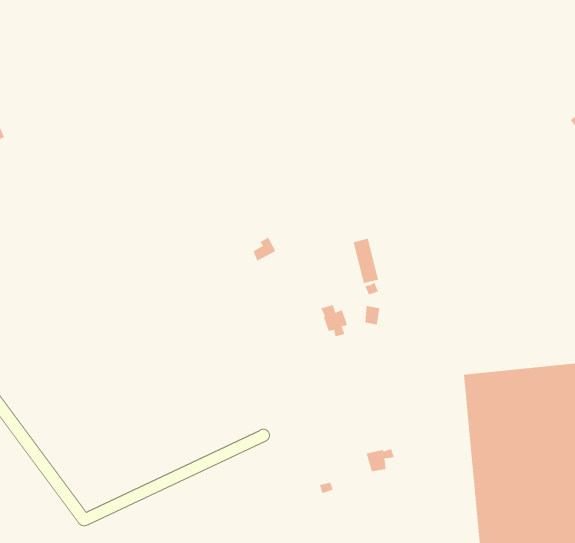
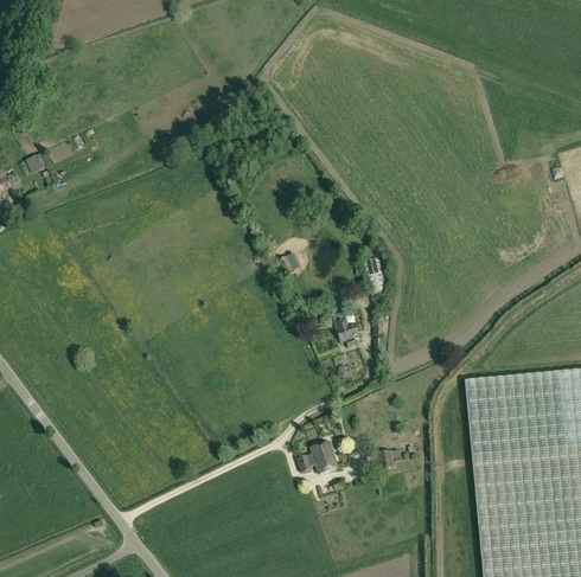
building: none -> [296,440,338,472]

